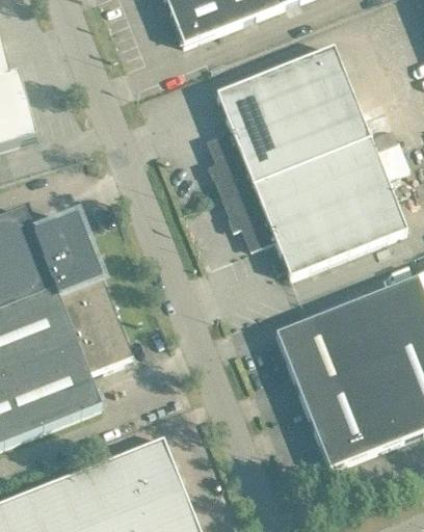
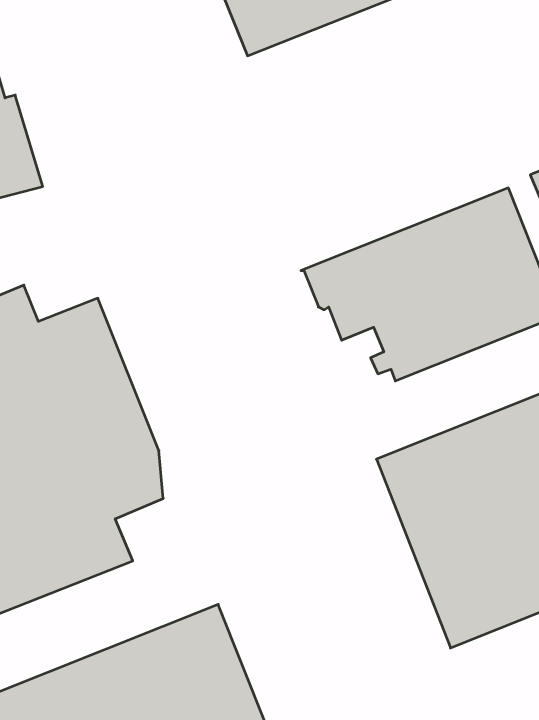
building: [208,46,370,197] -> none

